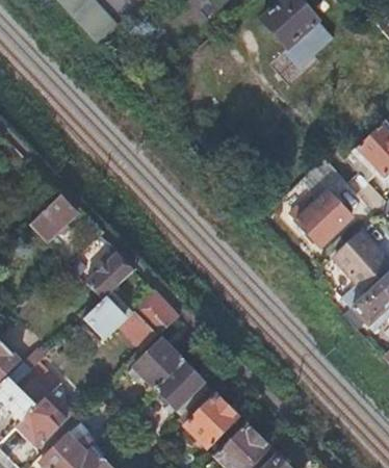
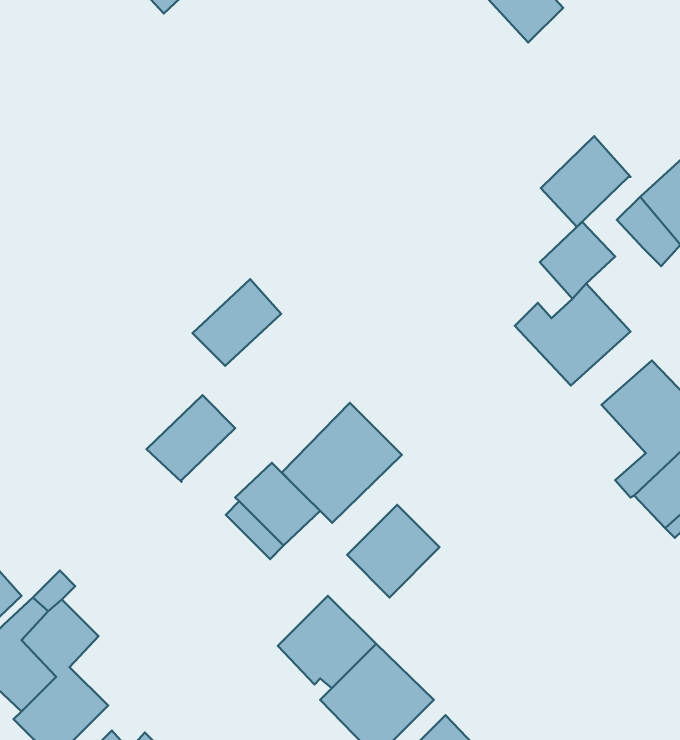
building: none -> [541,136,630,227]
building: [31,193,79,240] -> [192,279,281,366]
building: none -> [282,403,402,523]
building: [87,297,128,339] -> none
building: [136,337,186,387] -> [347,505,440,597]

